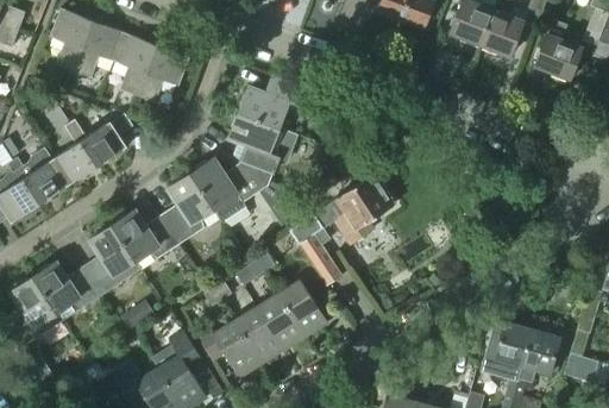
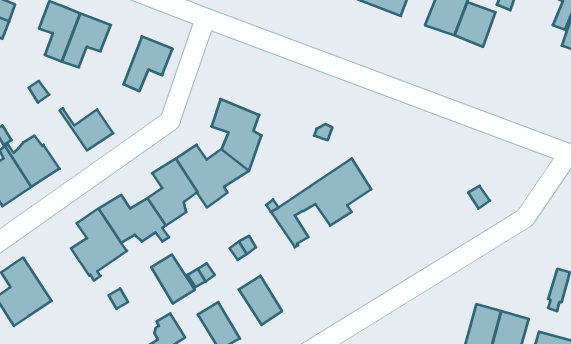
building: [536,19,583,79] -> none
building: [113,33,156,95] -> none
building: [238,75,304,127] -> none
building: [54,123,99,183] -> none
building: [32,262,101,321] -> none
building: [280,281,325,332] -> none
building: [236,309,281,360] -> [151,255,195,304]

